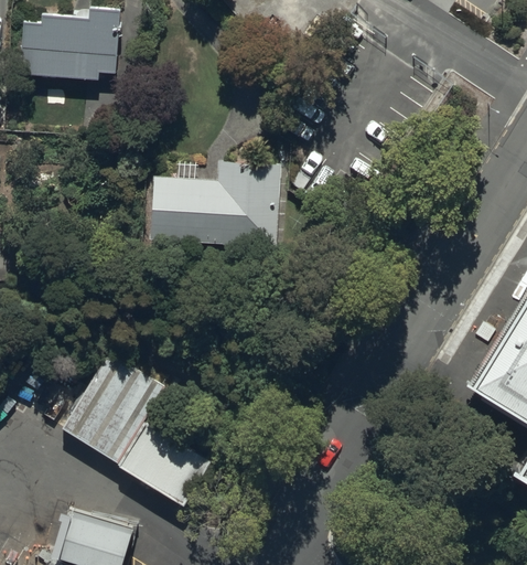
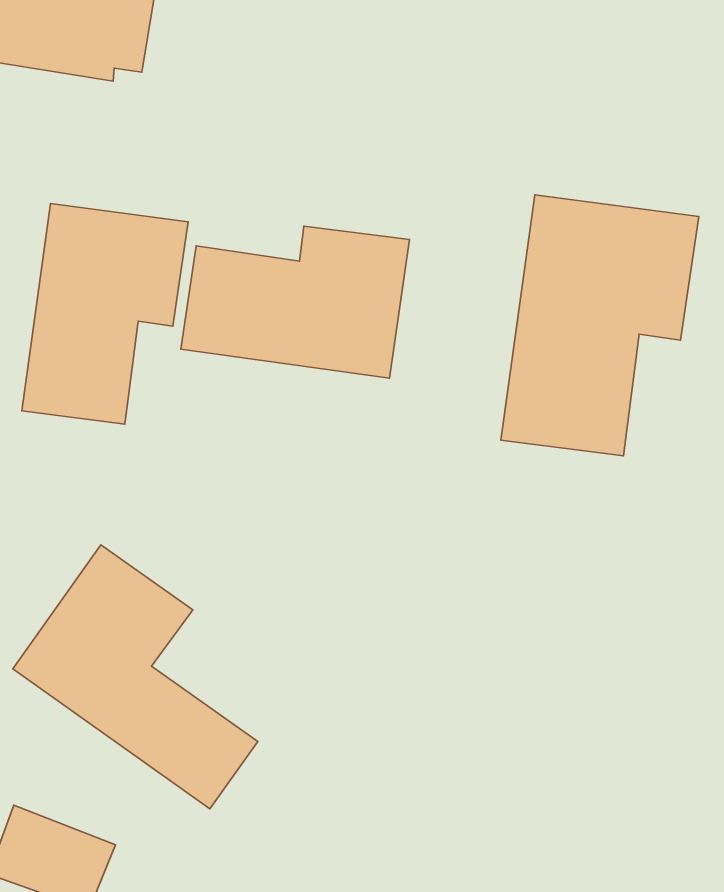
building: none -> [501,195,699,456]
building: none -> [22,203,188,424]

